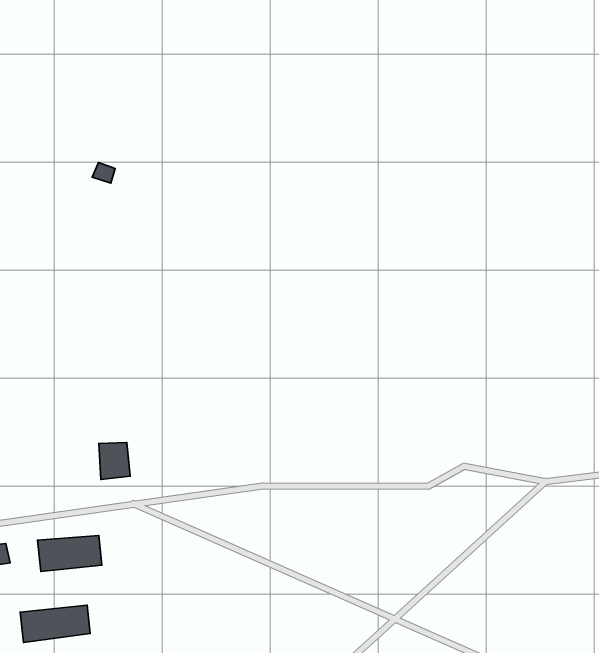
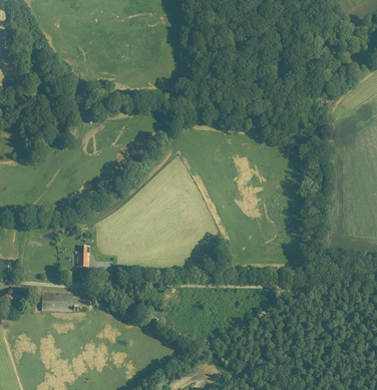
building: [20,605,90,643] -> none

